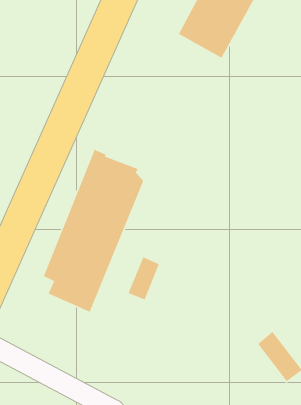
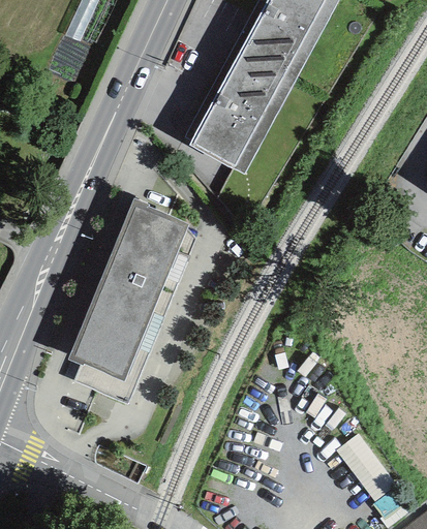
building: none -> [186,54,293,176]
building: [128,256,160,301] -> none

